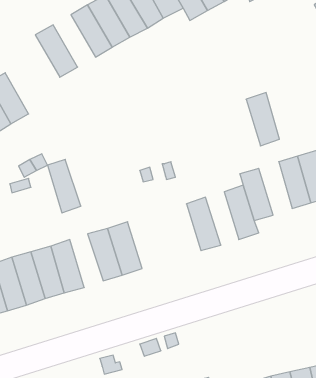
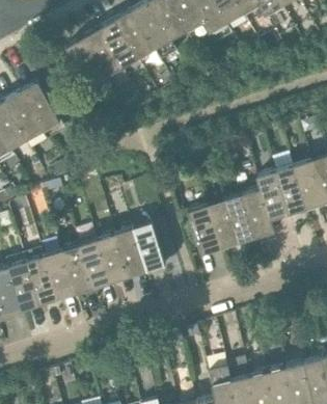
building: none -> [81,29,120,78]
building: [246,93,279,146] -> [273,166,304,216]
building: [48,159,81,213] -> [97,234,128,284]
building: none -> [223,194,254,244]
building: none -> [186,206,219,255]

